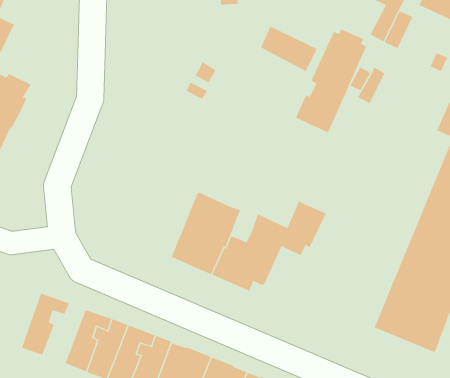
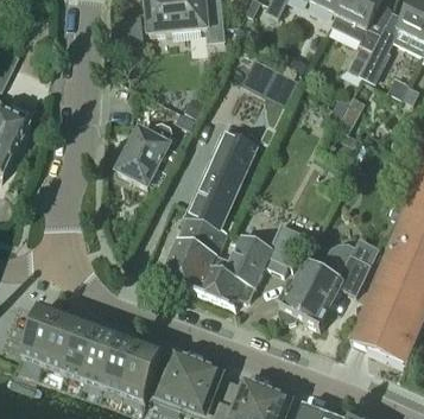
building: [295,28,367,133] -> [188,129,254,227]
building: none -> [118,120,172,185]
building: none -> [279,239,379,328]
building: none -> [43,316,82,372]

